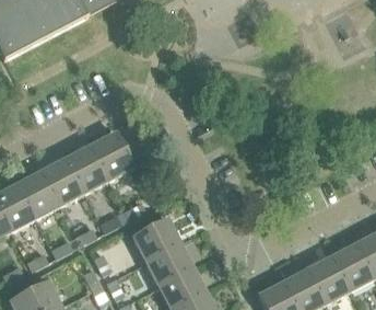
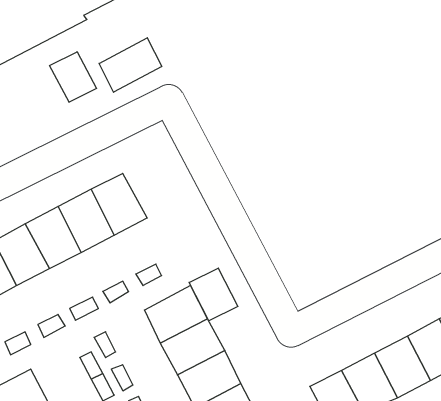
building: none -> [99,38,162,92]
building: none -> [50,52,97,102]
building: none -> [189,268,238,321]

